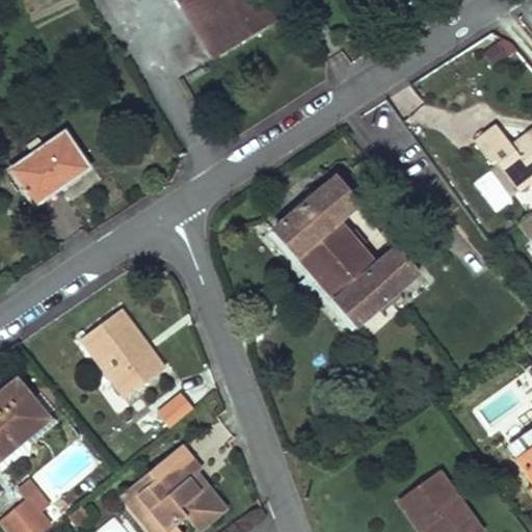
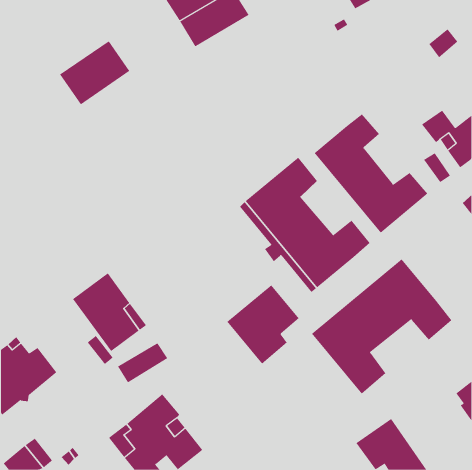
building: none -> [314,113,428,233]
building: [9,131,89,204] -> [59,40,130,105]
building: none -> [311,258,452,394]
building: none -> [227,284,299,364]

